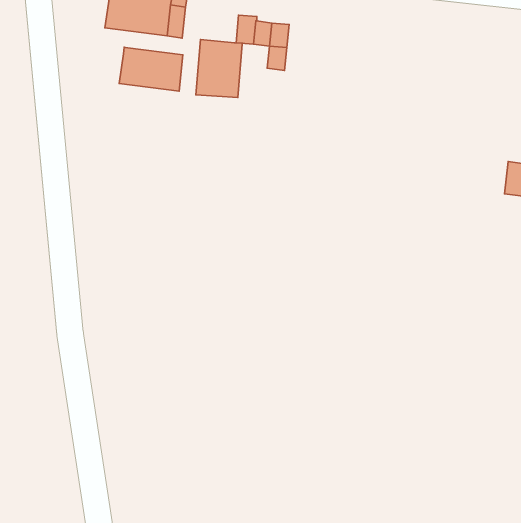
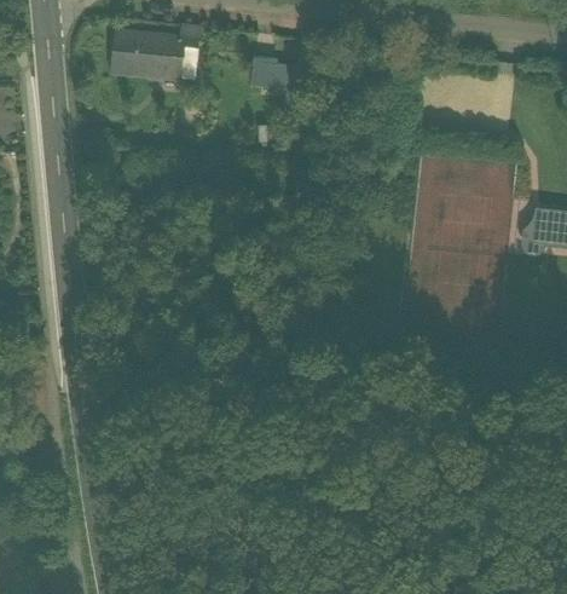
building: [196,39,242,98] -> none
building: [119,47,183,91] -> none

